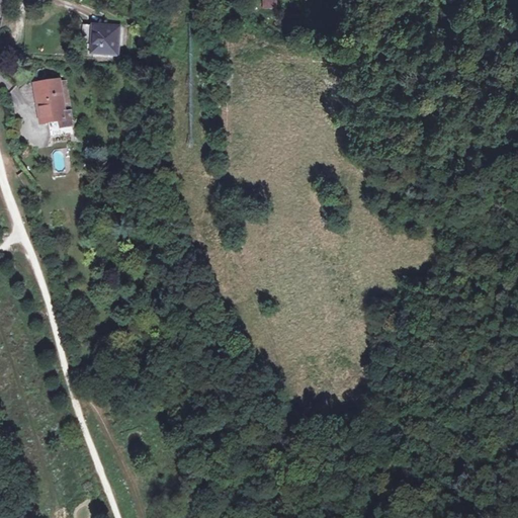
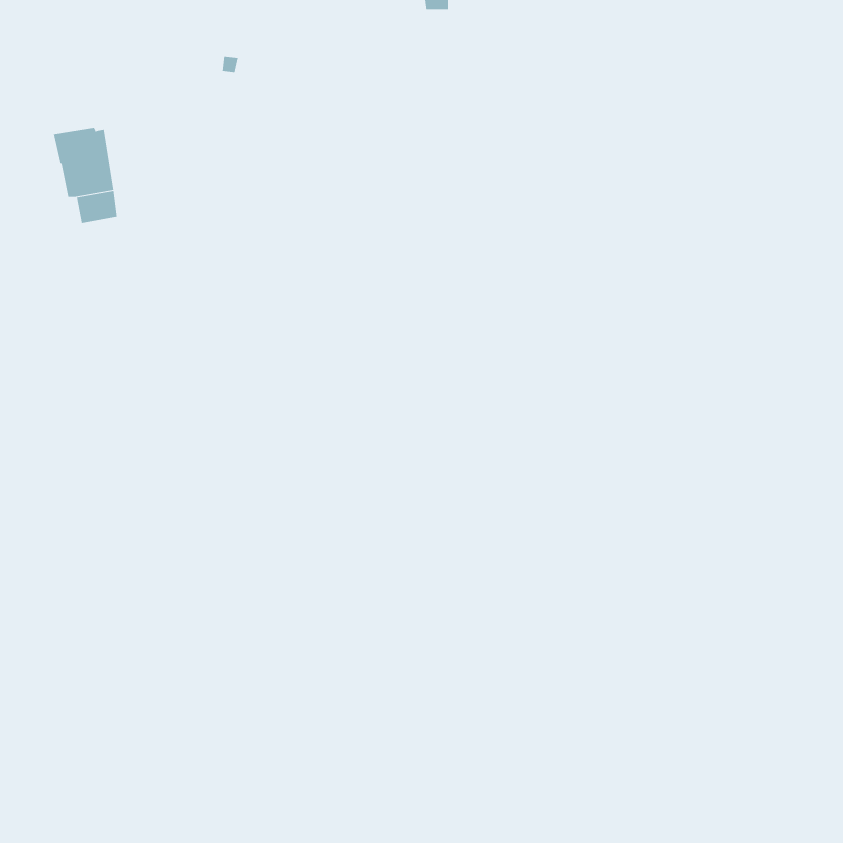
building: [79,22,117,52] -> none

